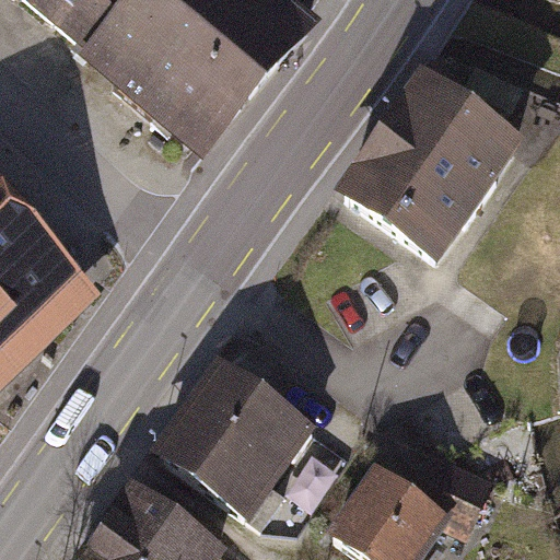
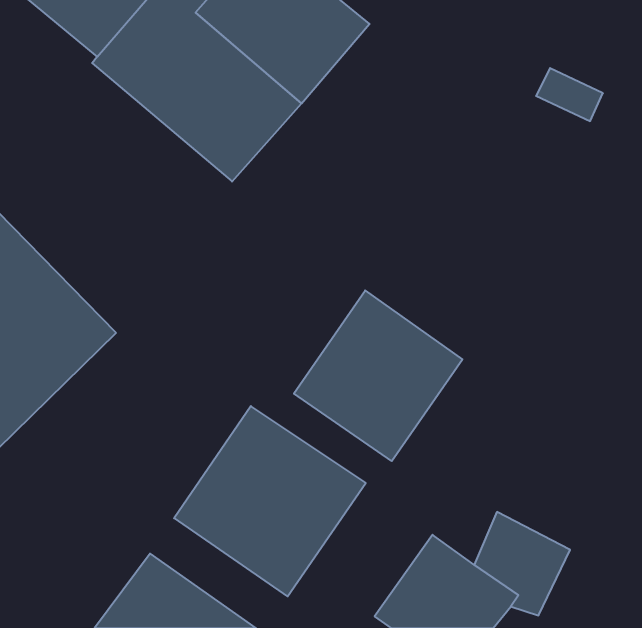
building: [336,69,522,262] -> none
building: none -> [294,290,462,461]

